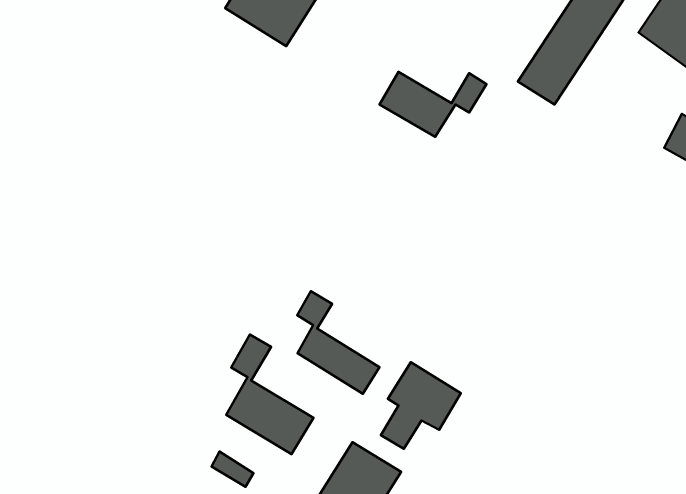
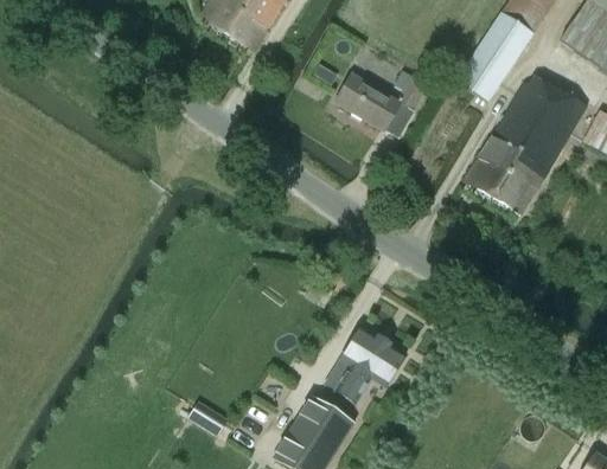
building: none -> [467,75,589,214]
building: [297,291,379,394] -> none
building: [226,335,314,454] -> none

